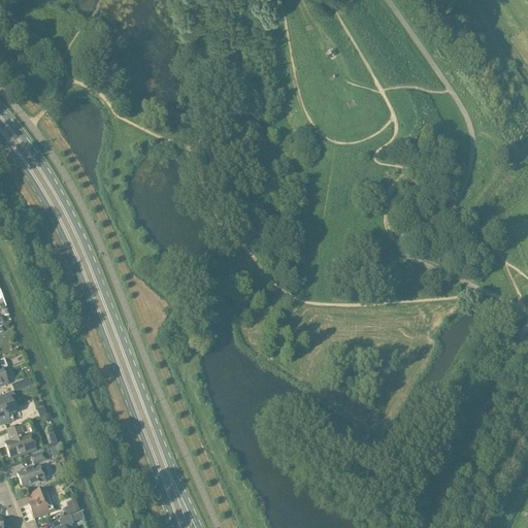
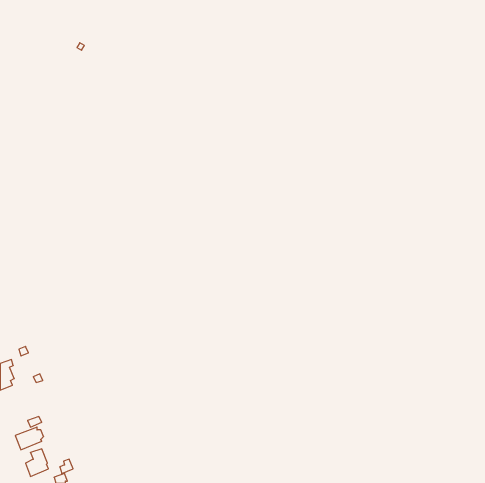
building: [5,422,35,458] -> none

